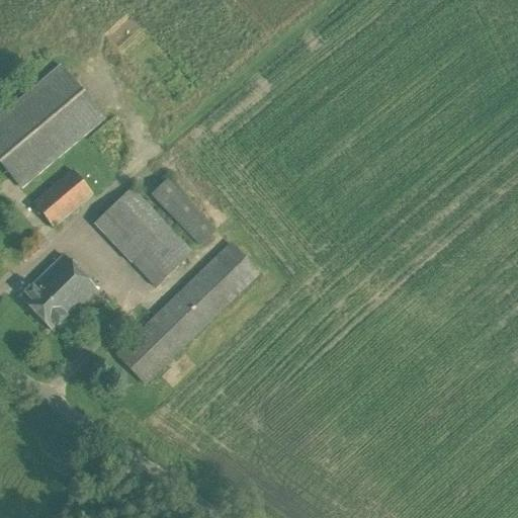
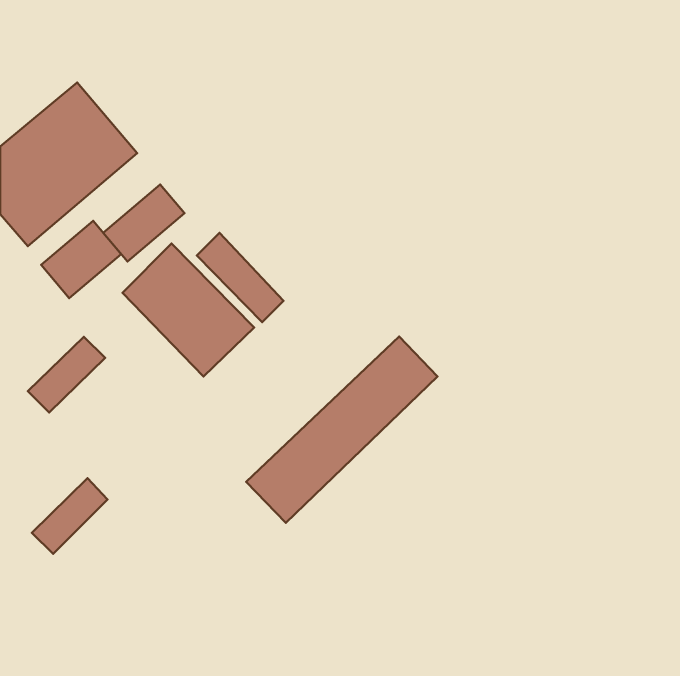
building: none -> [103,185,185,261]
building: [114,242,260,383] -> [246,337,438,523]
building: [37,272,95,330] -> [32,478,108,554]

